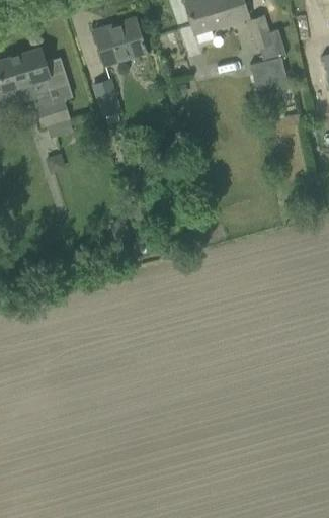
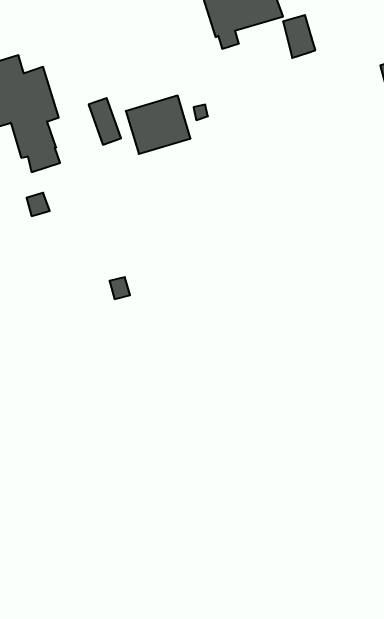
building: [94,18,145,64] -> [126,96,191,154]
building: [250,58,290,97] -> none

